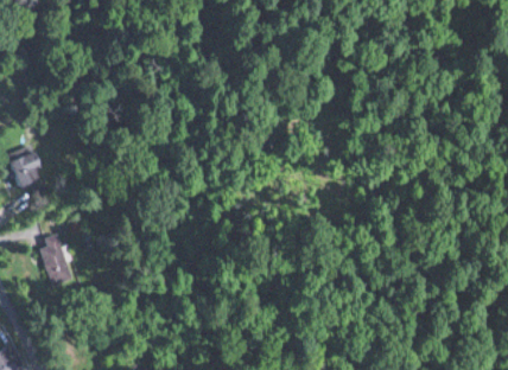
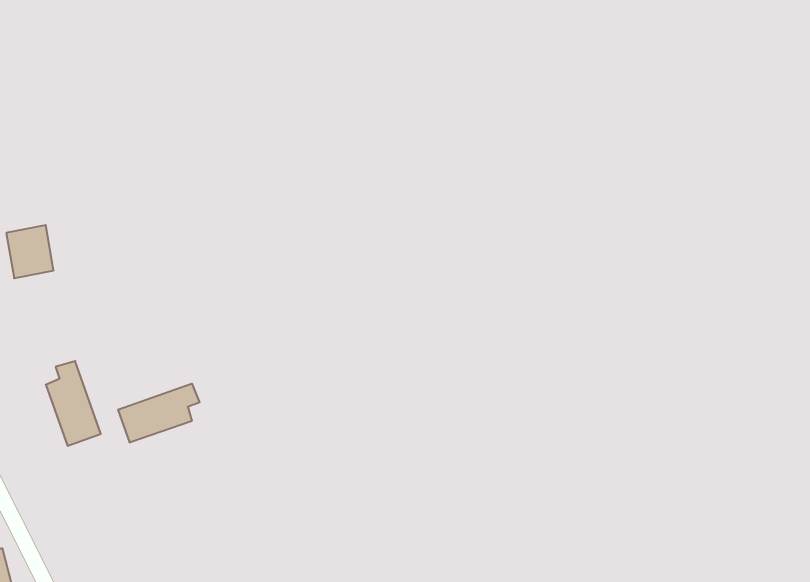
building: none -> [118,384,200,443]

